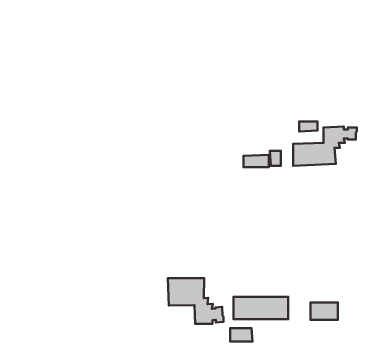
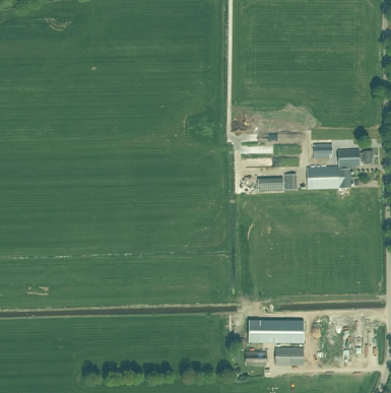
building: [168,278,224,324] -> none
building: [311,303,338,320] -> [275,347,303,365]

